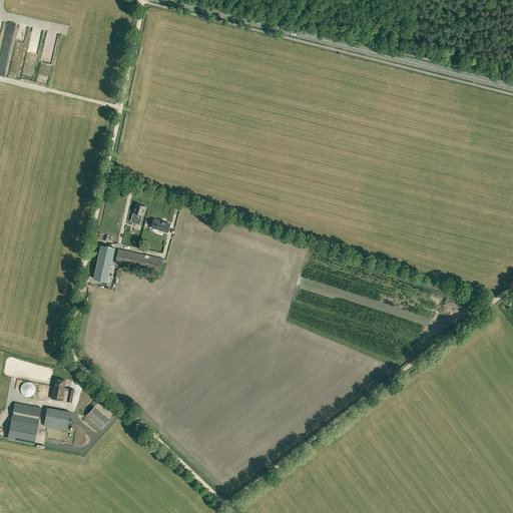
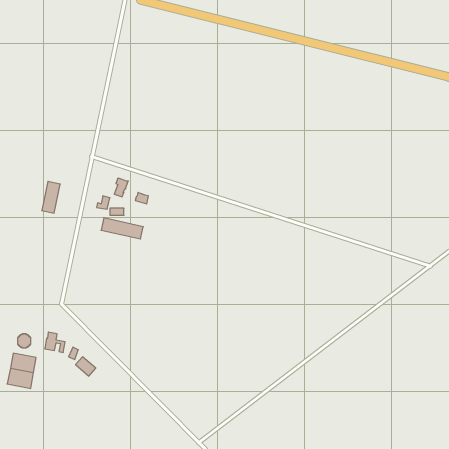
building: [93,245,114,282] -> [42,181,60,213]
building: [44,408,70,430] -> none

